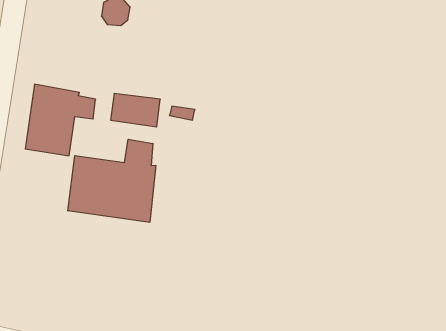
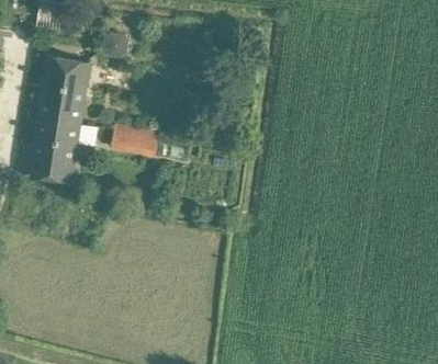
building: none -> [40,56,91,124]
building: [68,139,156,222] -> none

